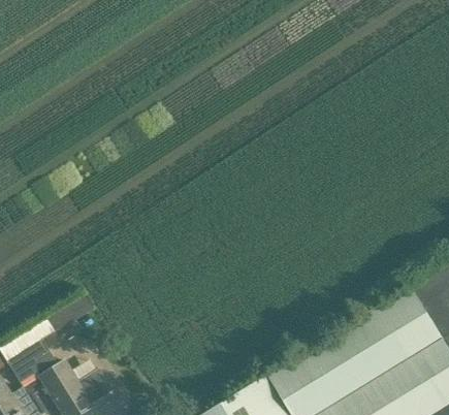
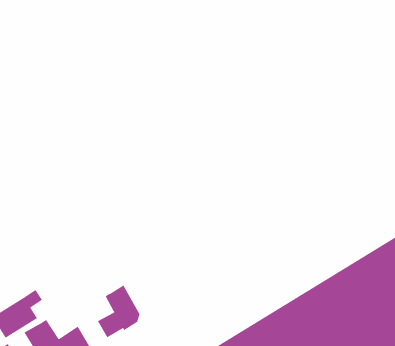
building: none -> [97,285,140,338]

